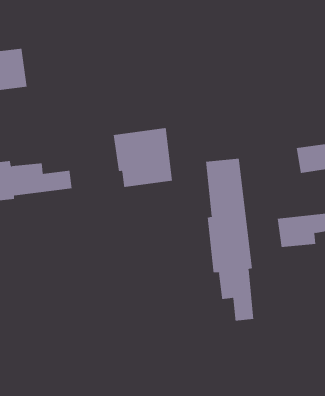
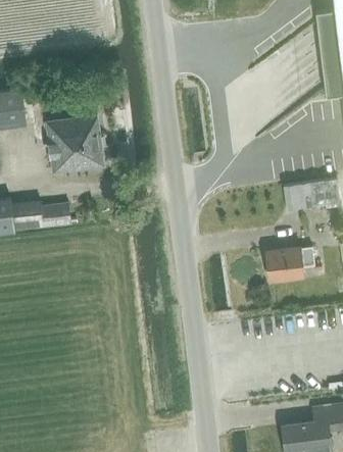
building: [113,127,173,187] -> [47,115,104,172]
building: [205,158,254,321] -> none

